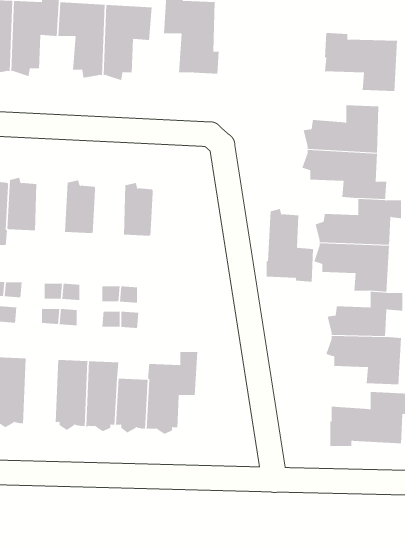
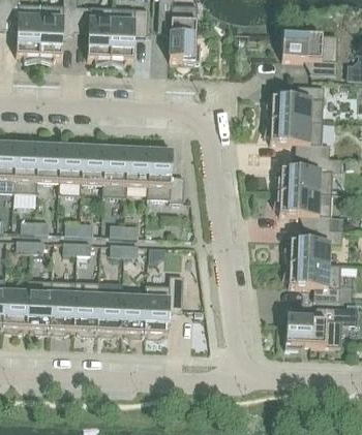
building: none -> [58,142,83,195]
building: none -> [102,144,127,197]
building: [266,209,314,282] -> [147,146,184,203]
building: none -> [50,280,76,335]

